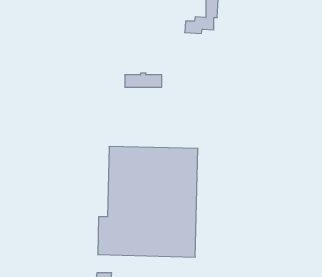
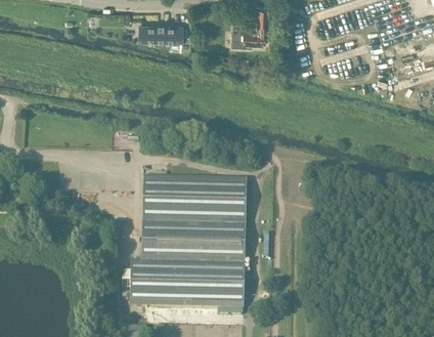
building: [125,73,162,87] -> [139,25,182,41]

